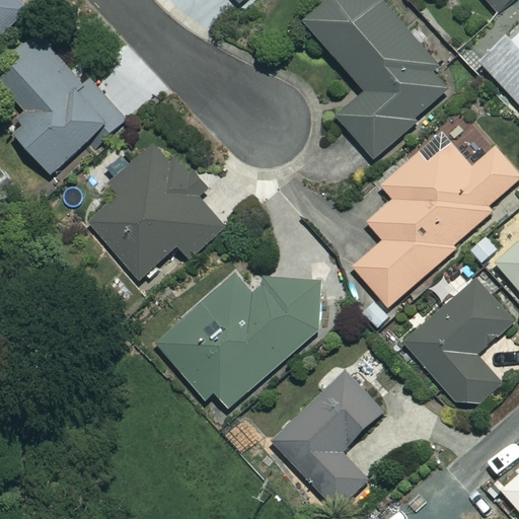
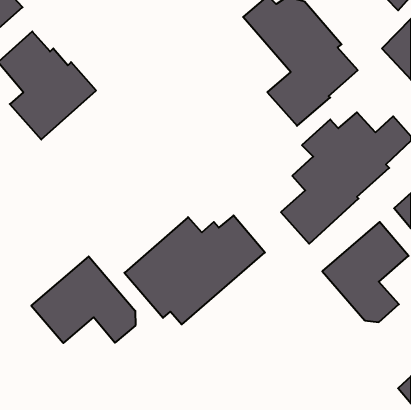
building: [87,141,224,279] -> none
building: none -> [31,256,135,343]
building: [273,372,384,509] -> none

